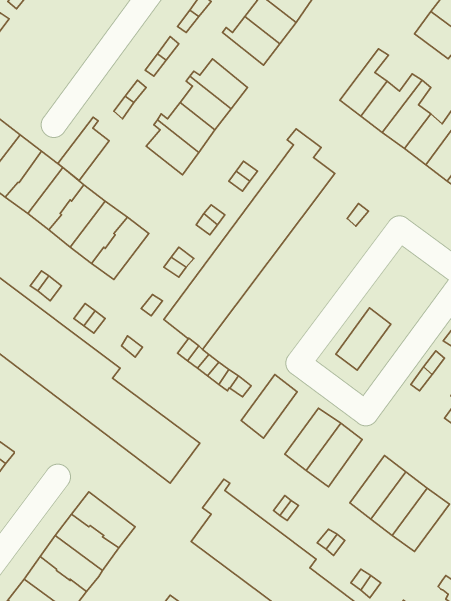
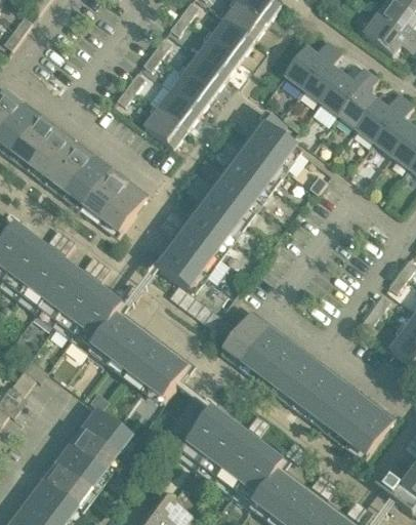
building: none -> [199,30,241,75]
building: none -> [285,37,335,85]
building: [58,117,109,180] -> none
building: [336,308,391,370] -> [241,325,286,376]
building: none -> [294,364,340,416]

